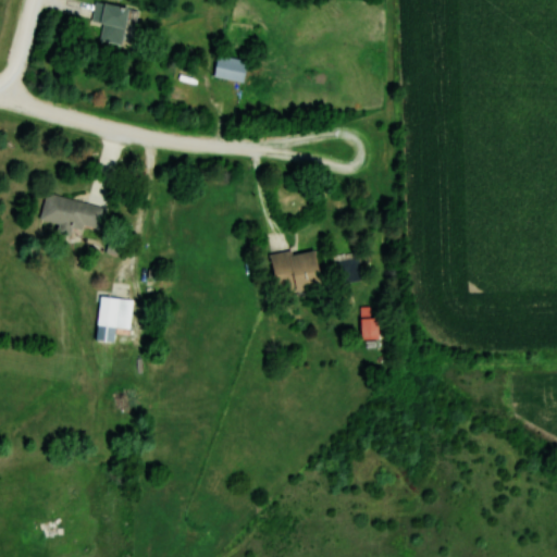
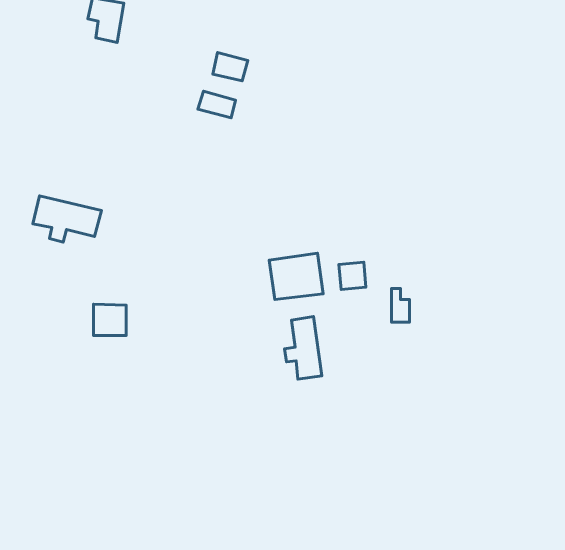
building: none -> [198,91,235,118]
building: [362,308,380,341] -> [392,288,410,322]
building: none -> [285,316,322,379]

